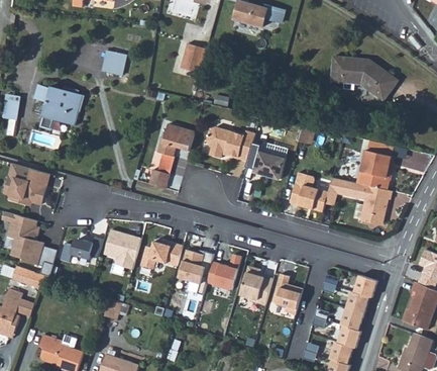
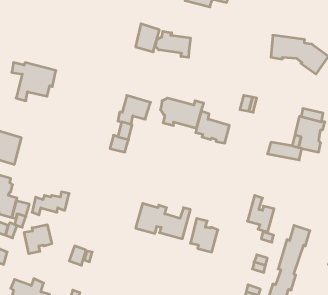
building: [107,49,129,73] -> none
building: none -> [155,31,190,57]
building: [291,172,329,211] -> none
building: [361,186,392,225] -> none
building: [104,228,141,269] -> none
building: [140,239,183,269] -> none
building: none -> [24,225,52,254]
building: [272,273,303,314] -> [247,195,274,232]

